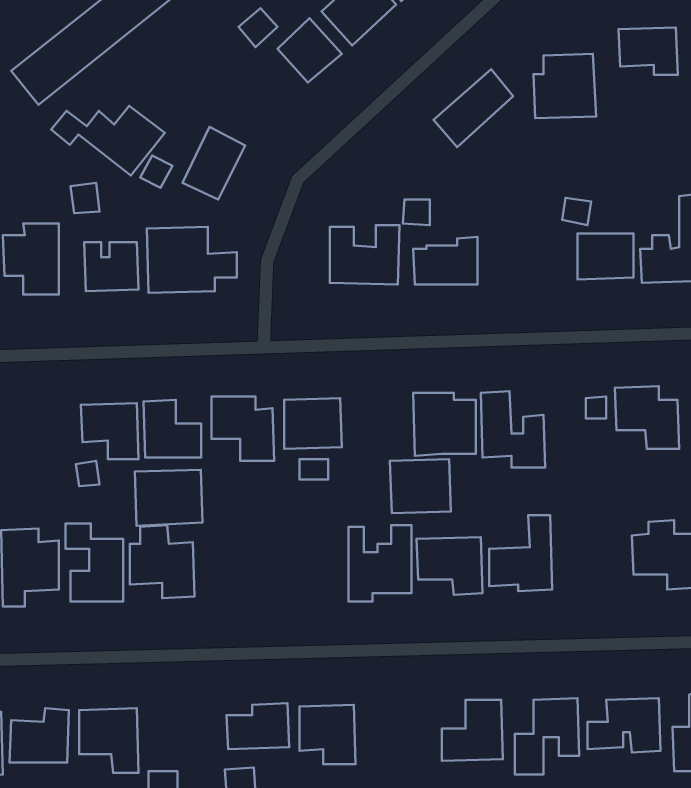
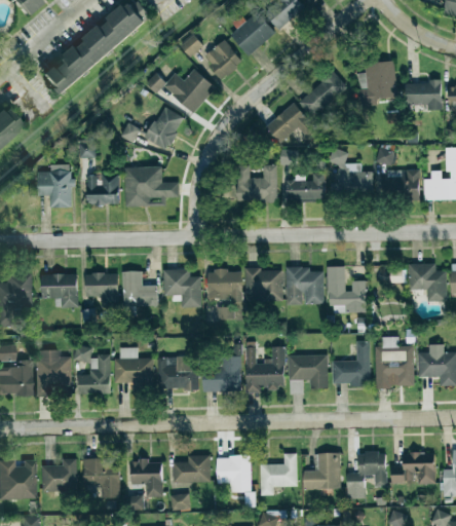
building: [618,27,678,75] -> [406,81,442,110]
building: [51,106,165,175] -> [146,70,215,112]
building: none -> [266,103,318,143]
building: none -> [329,150,373,193]
building: none -> [41,273,78,308]
building: [390,459,451,513] -> [245,269,282,302]
building: [135,470,203,526] -> [157,356,198,390]
building: none -> [375,337,414,387]
building: none -> [202,356,240,392]
building: none -> [260,454,297,495]
building: none -> [130,459,162,497]

